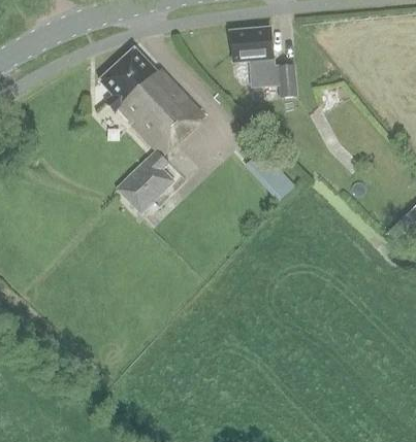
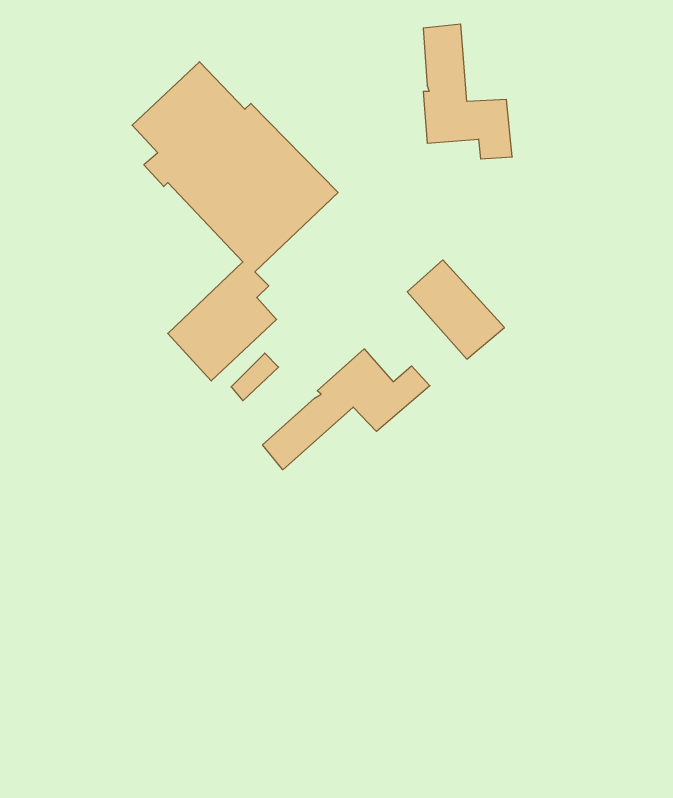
building: [230,29,252,61] -> none
building: none -> [263,349,430,470]

